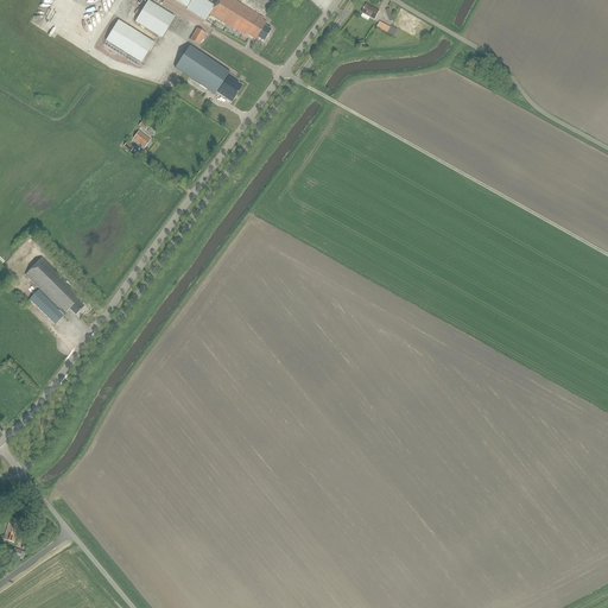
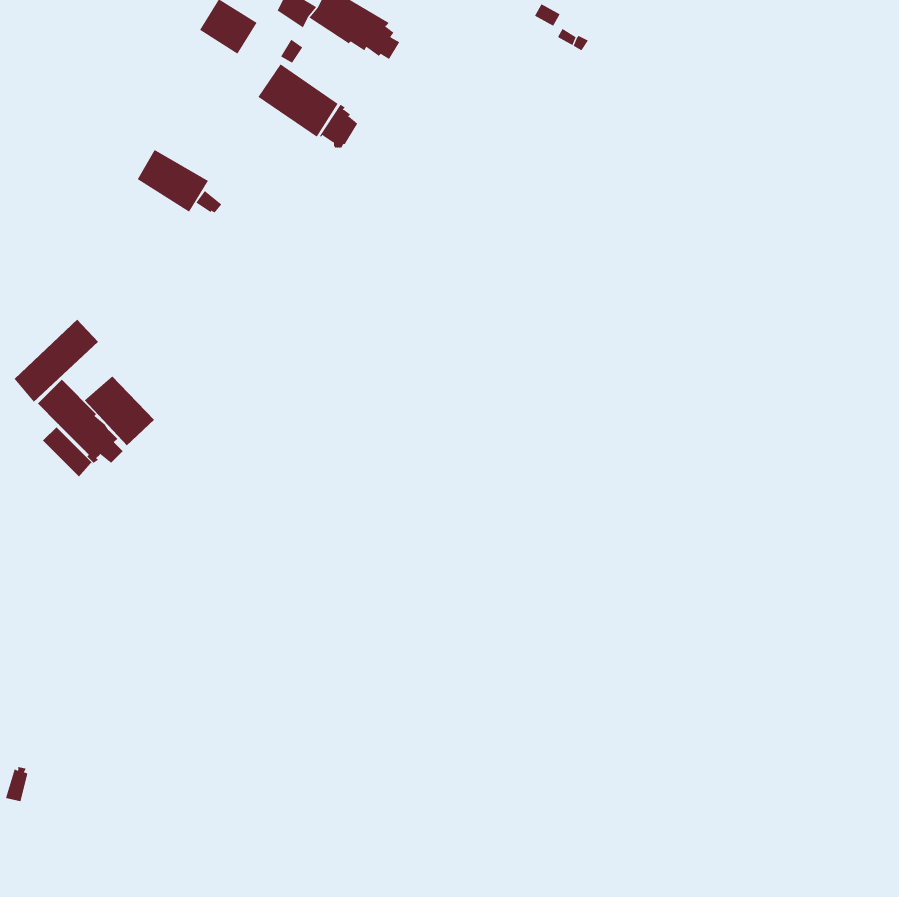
building: [104,19,153,62] -> [137,149,209,213]
building: none -> [14,319,99,403]
building: none -> [84,375,155,446]

